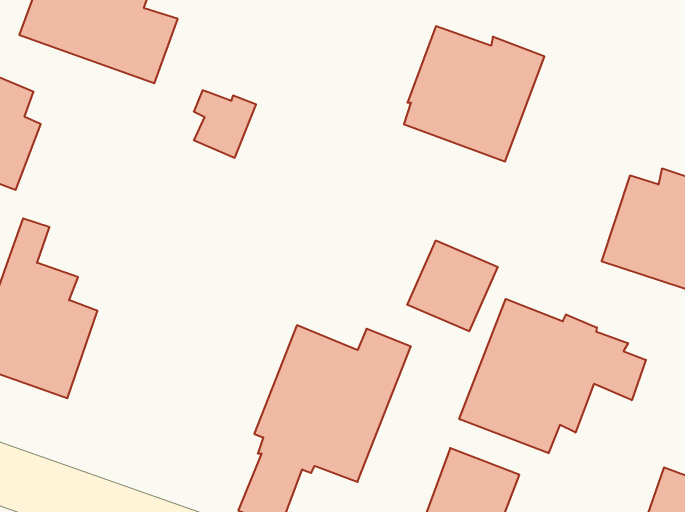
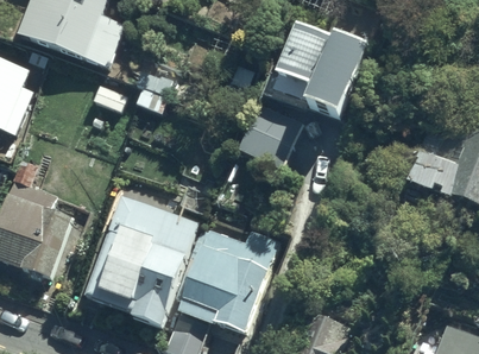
building: [407,241,498,331] -> [241,107,302,167]
building: none -> [86,196,197,327]
building: [459,299,646,453] -> none

